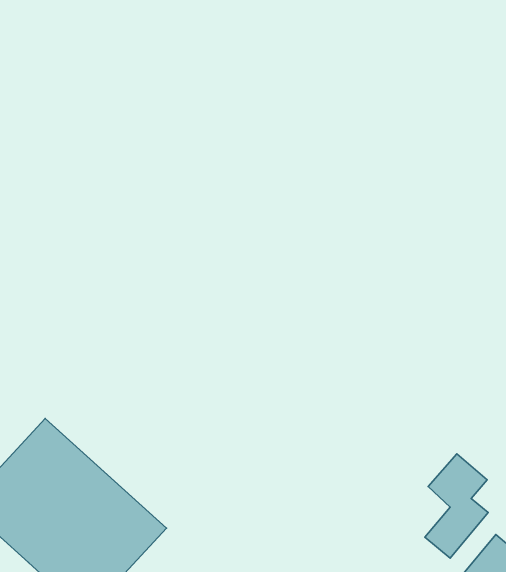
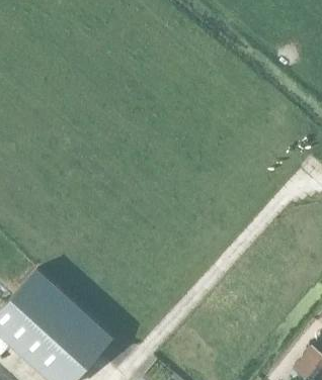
building: [425,454,488,558] -> none

